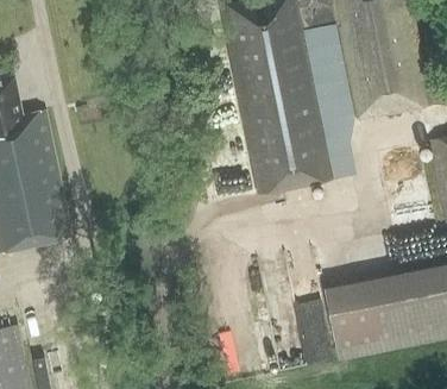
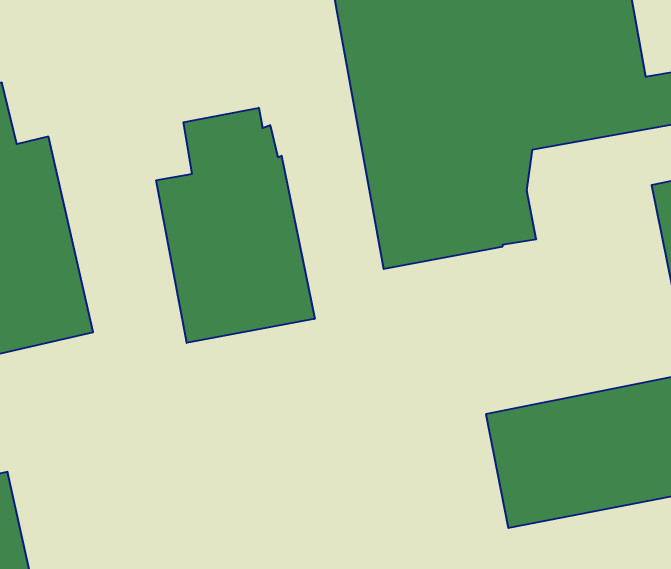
building: none -> [156,108,315,343]

